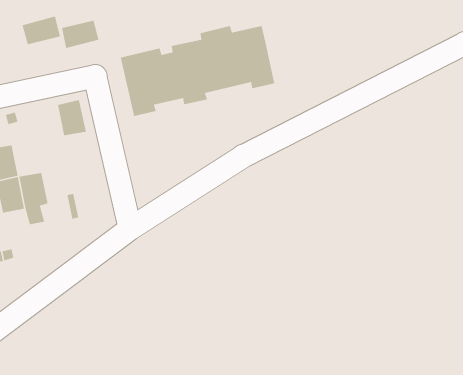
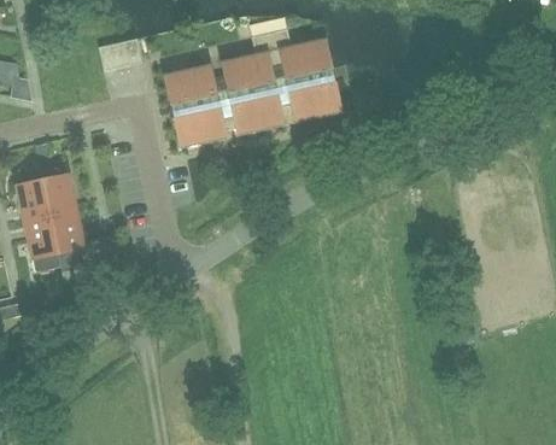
building: [21,15,61,45] -> none
building: [57,99,87,136] -> [42,172,76,215]

